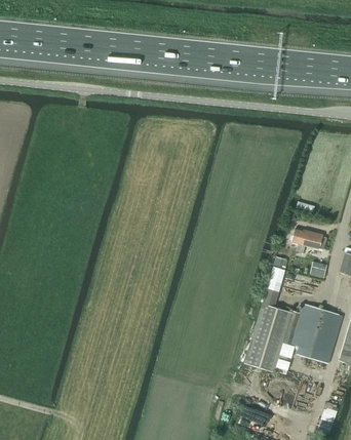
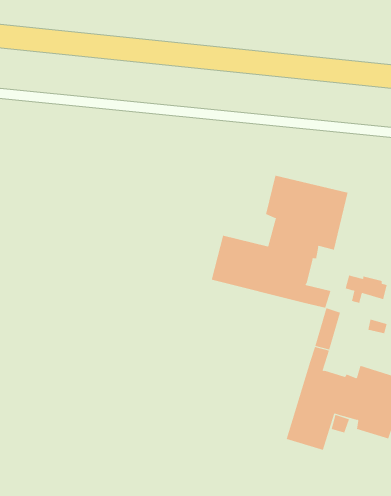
building: none -> [211,175,348,308]

